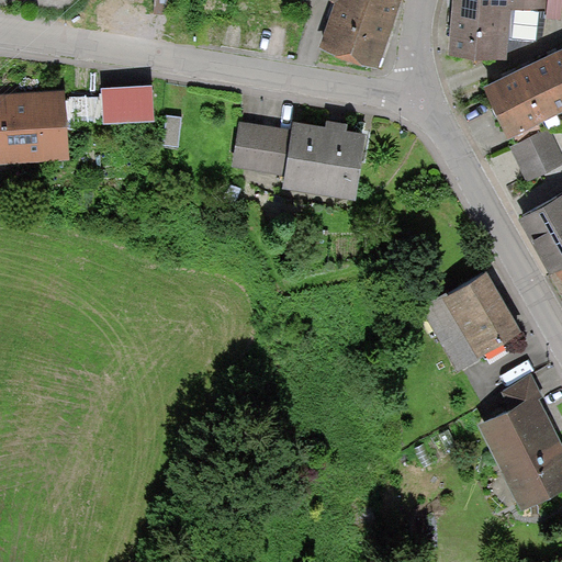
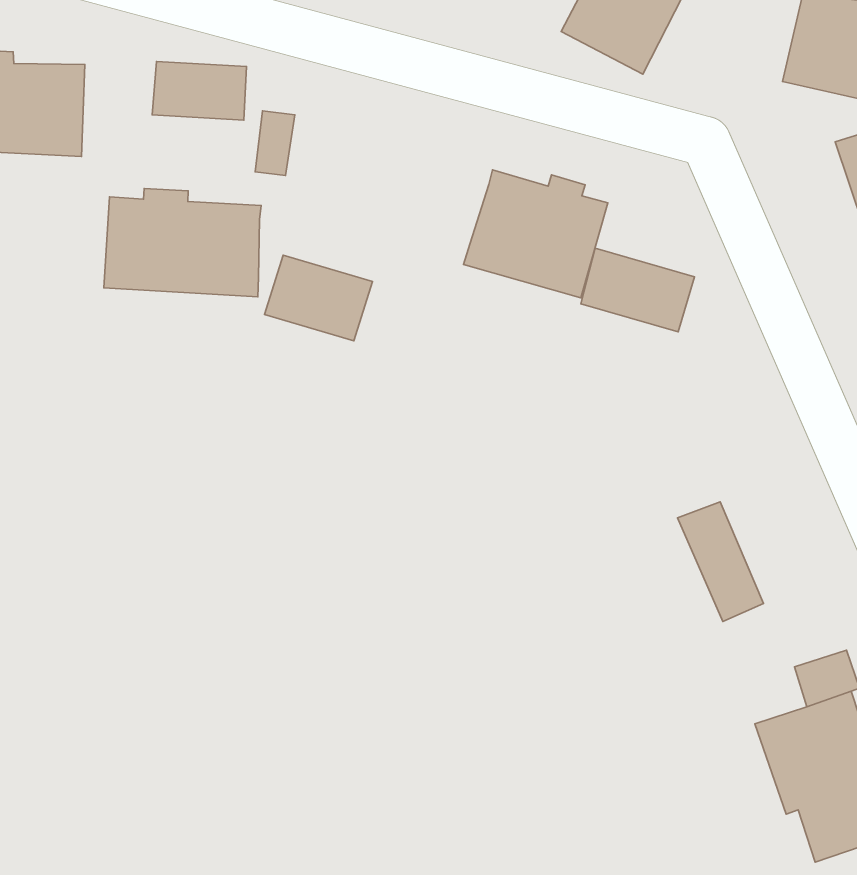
building: [236,125,295,169] -> [265,255,373,341]
building: none -> [104,189,261,297]
building: none -> [581,248,694,332]
building: [449,277,519,353] -> none

